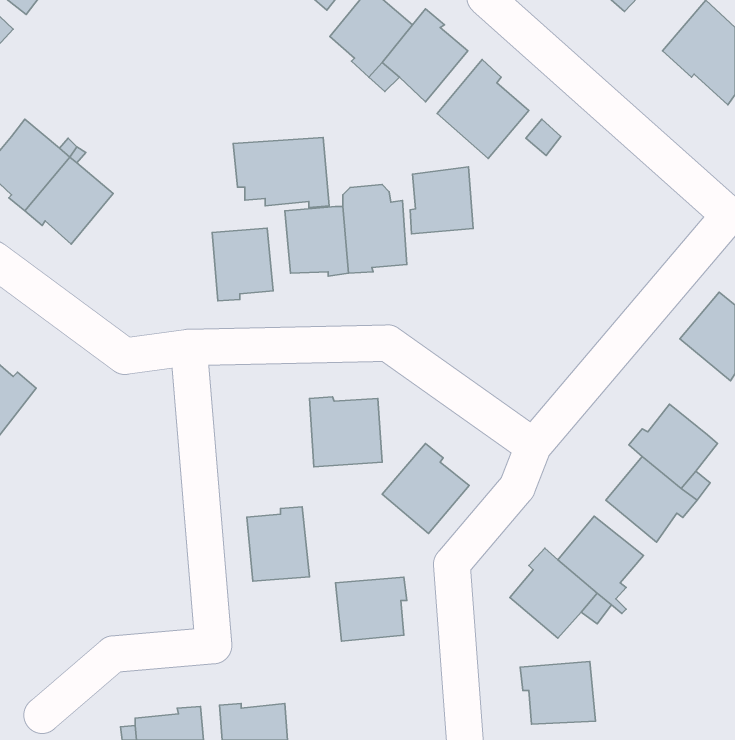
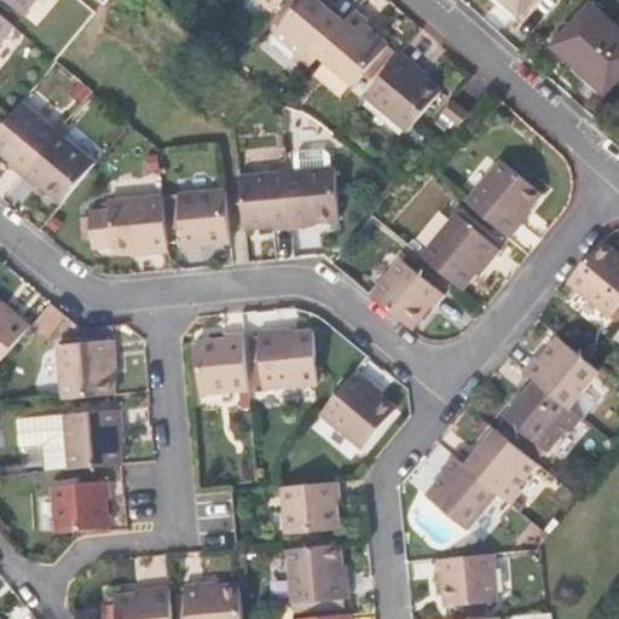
building: [233,138,329,207] -> [86,195,166,253]
building: [410,167,473,234] -> none
building: none -> [463,157,538,236]
building: none -> [418,212,498,287]
building: none -> [365,256,439,325]
building: none -> [56,339,115,398]
building: none -> [12,411,120,472]
building: [247,507,309,581] -> [195,332,247,394]
building: none -> [48,482,108,536]
building: none -> [285,544,347,606]

